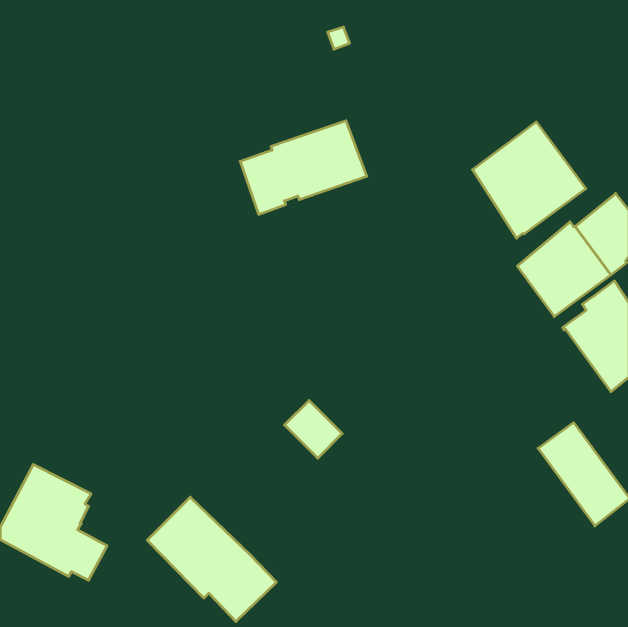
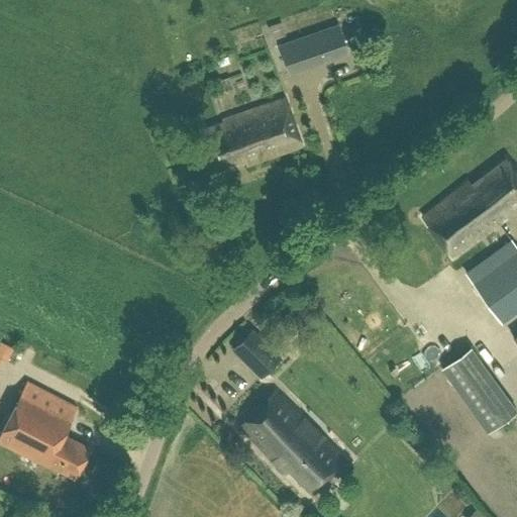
building: none -> [279,25,349,77]
building: [472,122,586,238] -> none
building: [147,497,276,622] -> [240,392,346,494]

